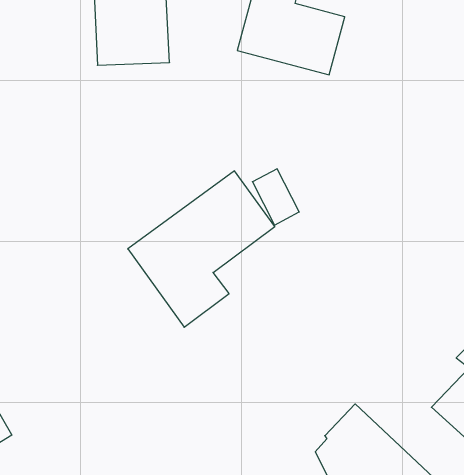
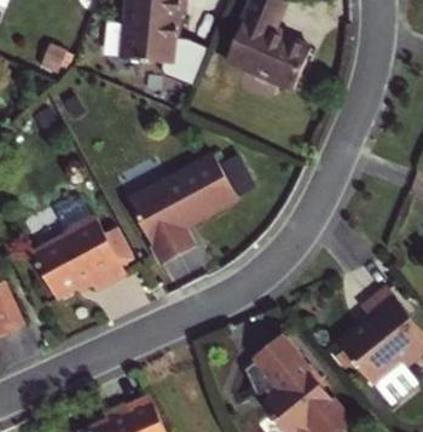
building: none -> [34,198,137,300]

